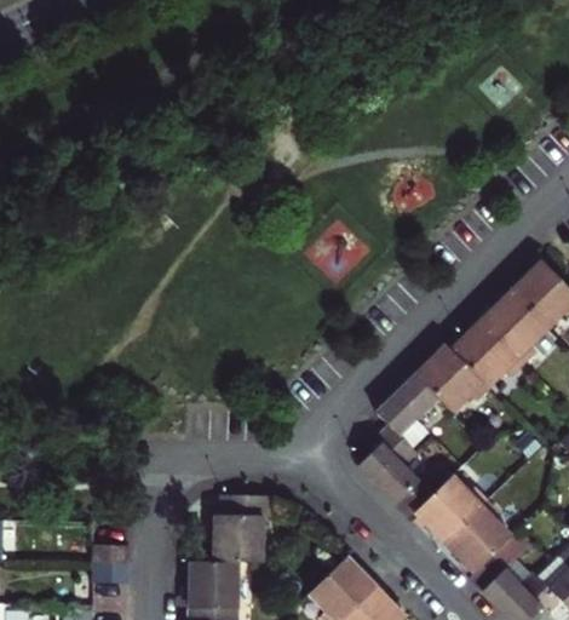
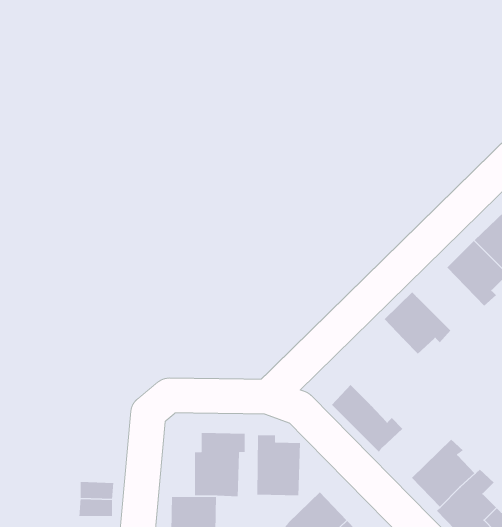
building: [450,320,522,386] -> none
building: [377,374,436,465] -> none
building: [414,475,487,542] -> none
building: none -> [257,435,301,496]

